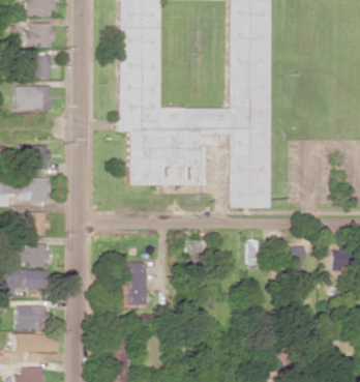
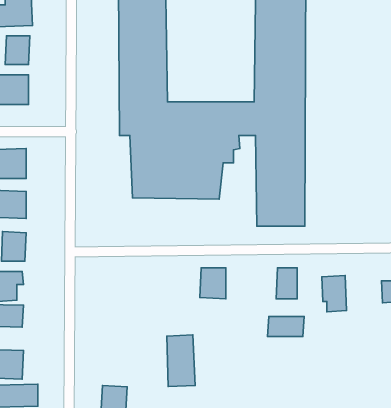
building: [122,263,145,304] -> [167,335,195,387]
building: none -> [267,316,304,337]

